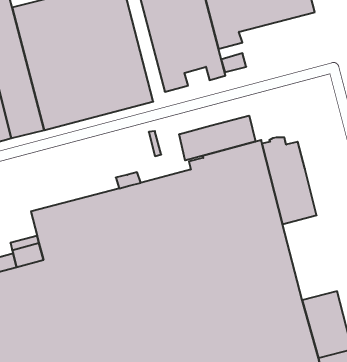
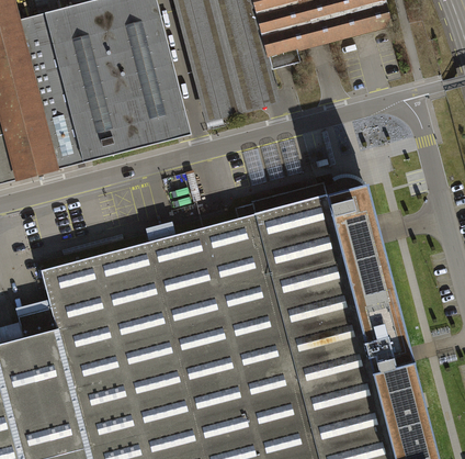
building: [221,53,246,72] -> [228,92,259,115]
building: [179,116,256,160] -> none
building: none -> [349,275,416,379]

